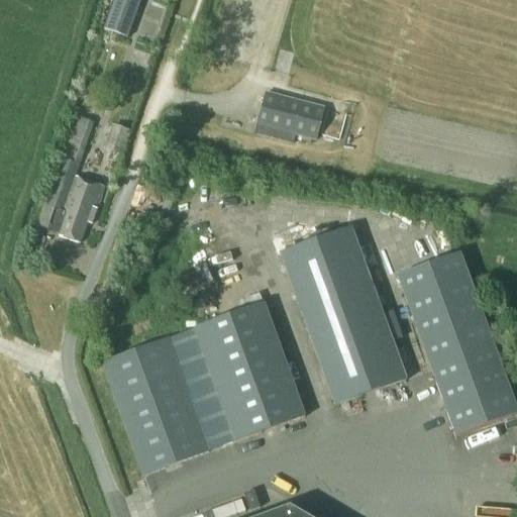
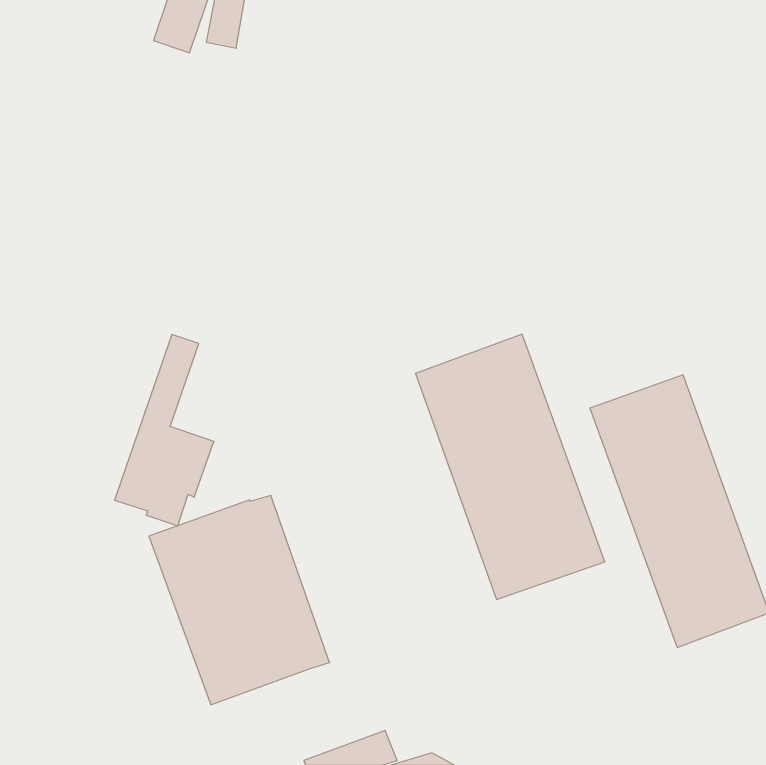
building: [258,90,326,138] -> none
building: [39,113,106,241] -> [115,335,214,526]
building: [184,300,306,444] -> none

